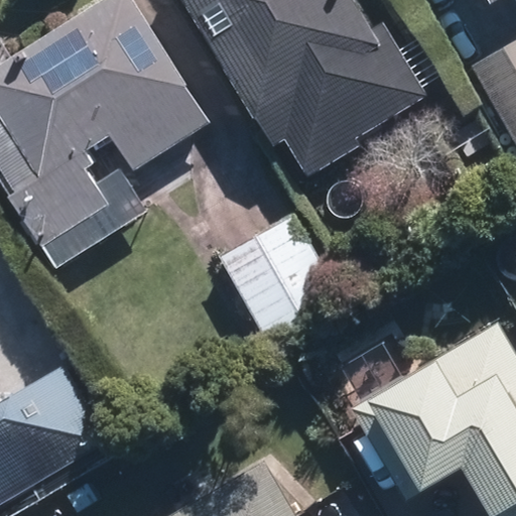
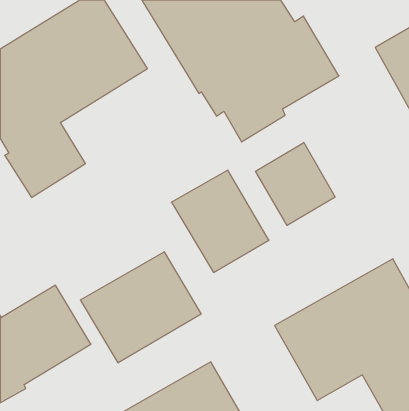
building: none -> [256,142,335,225]
building: none -> [80,252,201,363]

